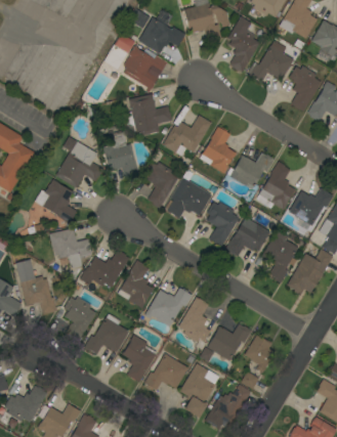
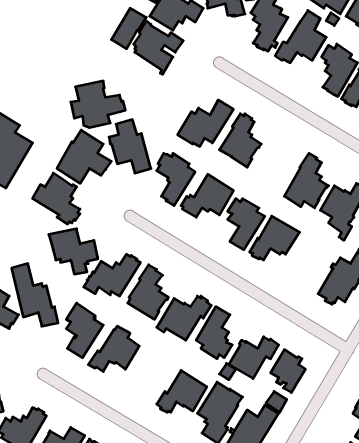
building: [125,94,173,135] -> [71,81,125,128]
building: [230,152,275,189] -> none
building: [262,229,299,281] -> none
building: [122,335,157,382] -> none

